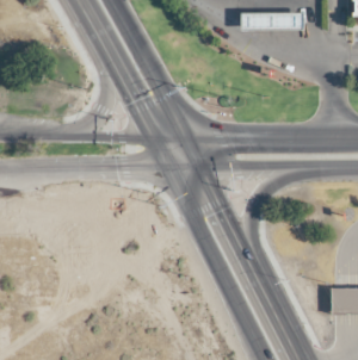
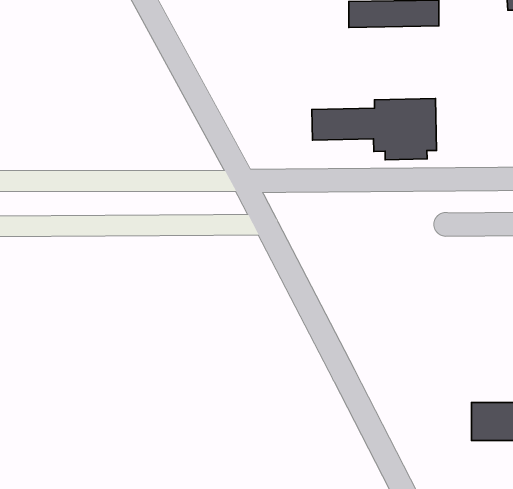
building: none -> [312,99,437,160]

